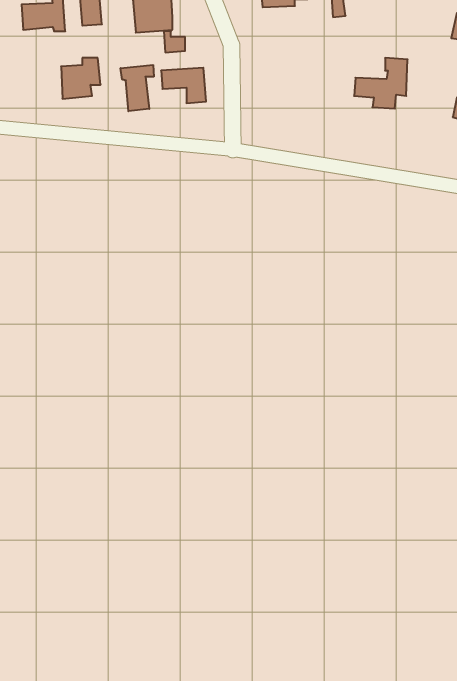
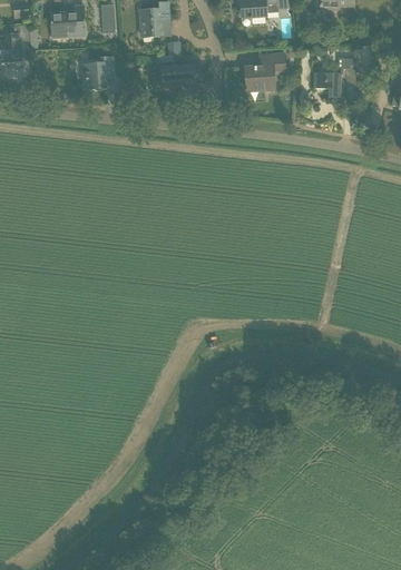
building: none -> [245,52,285,91]
building: [121,65,154,111] -> none

